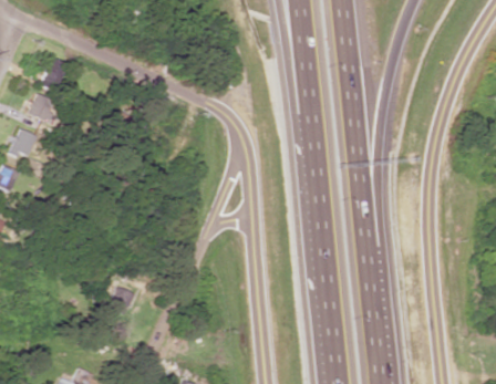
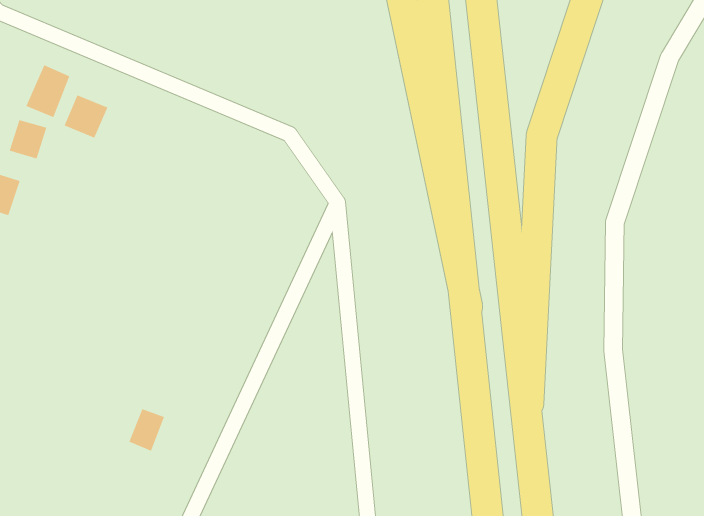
building: none -> [64,94,108,139]

